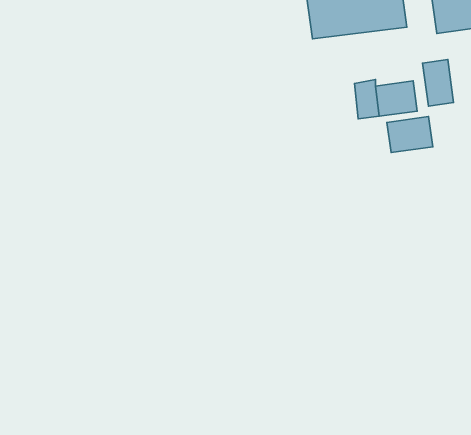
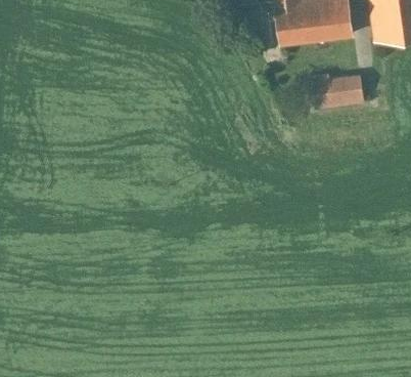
building: [423,59,454,106] -> none
building: [387,117,433,152] -> none

